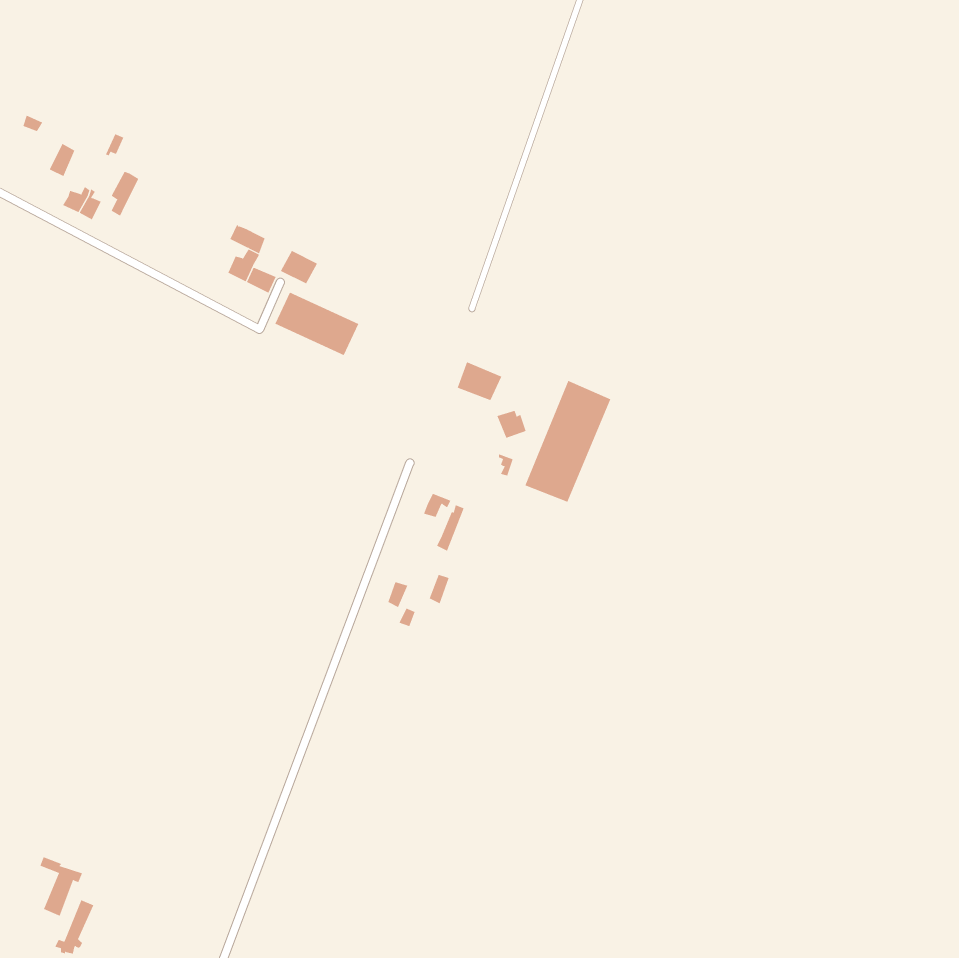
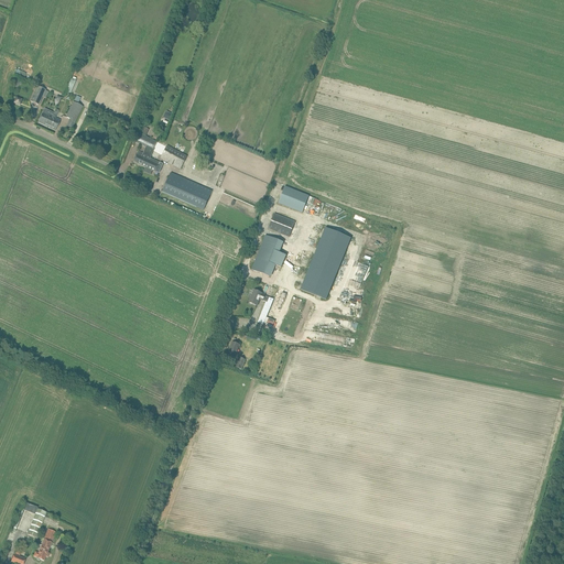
building: none -> [278,185,308,212]
building: none -> [250,234,284,274]

